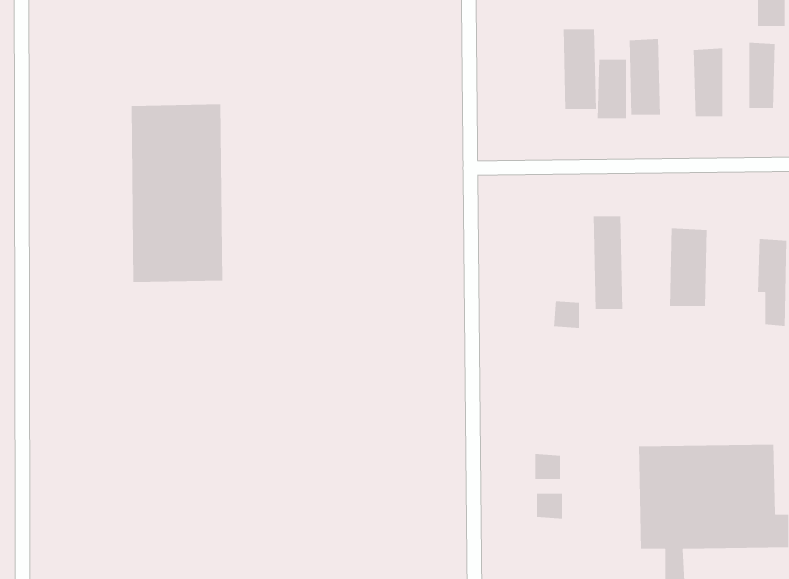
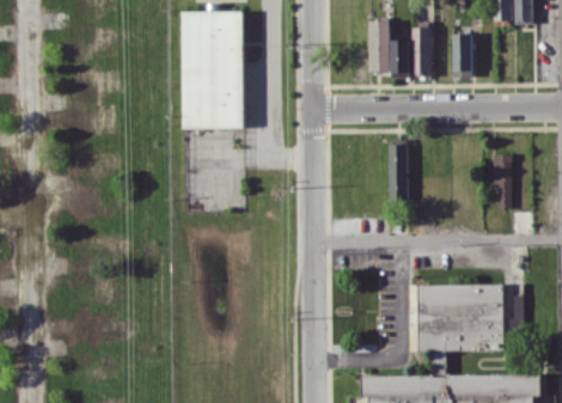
building: [749,42,776,109] -> none
building: [131,104,223,283] -> [185,11,244,124]
building: [669,227,707,307] -> none

